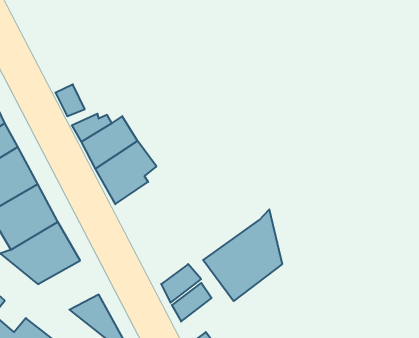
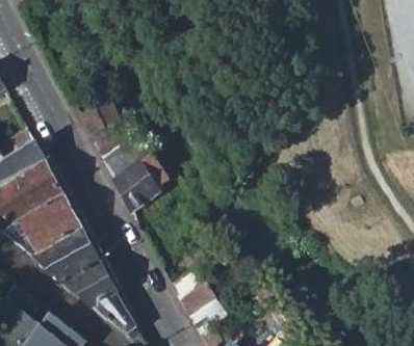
building: [203,209,282,301] -> none
building: none -> [62,262,117,305]

